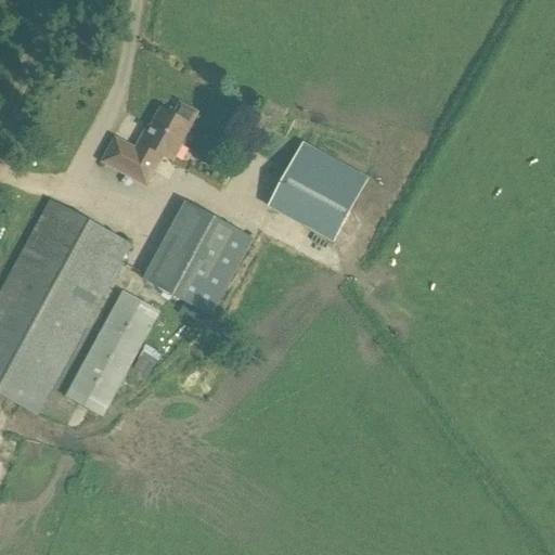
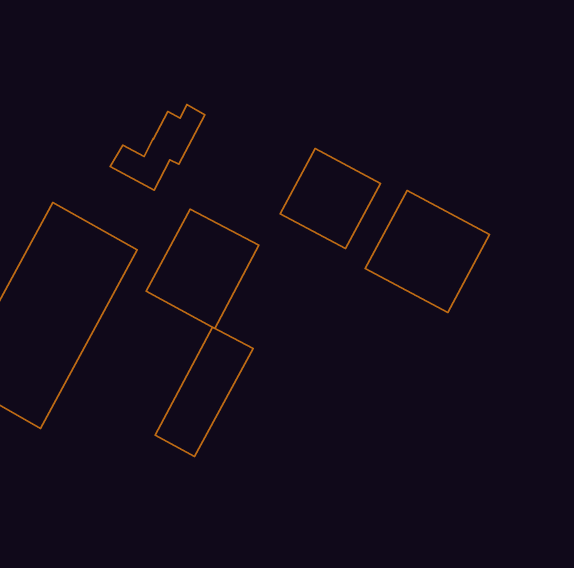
building: none -> [365,191,489,313]
building: [66,289,160,414] -> [155,327,253,457]

